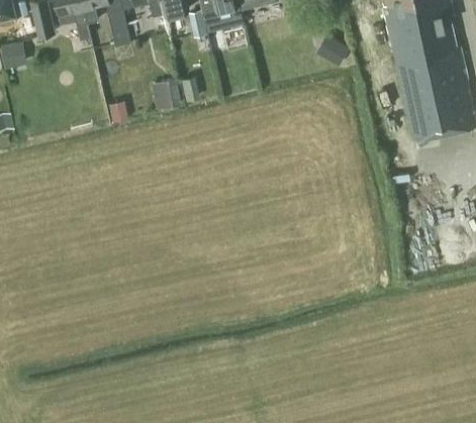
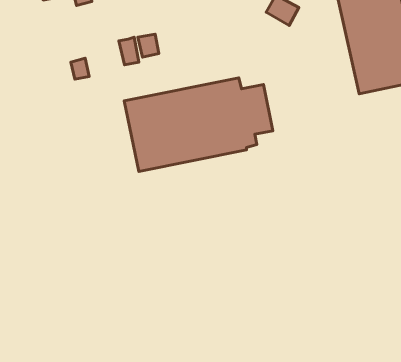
building: none -> [124,78,273,171]

